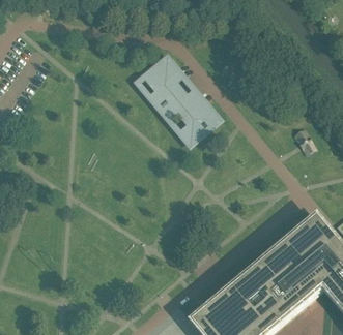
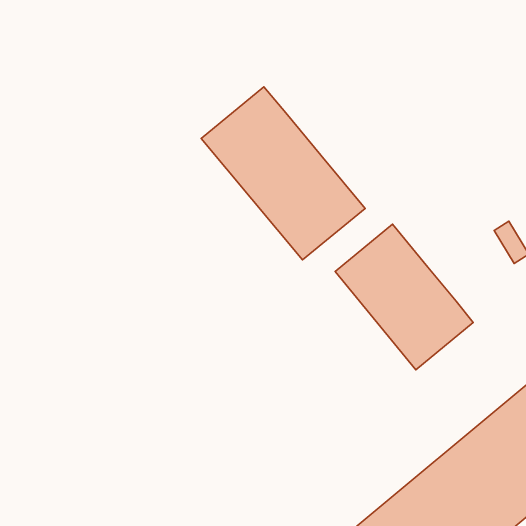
building: none -> [335,224,473,370]

